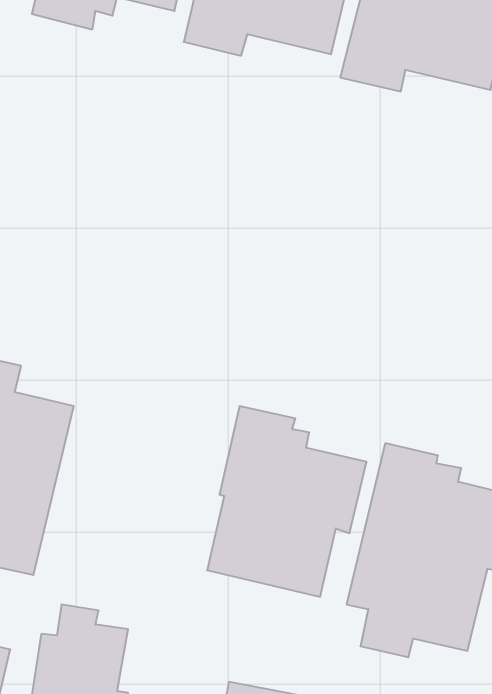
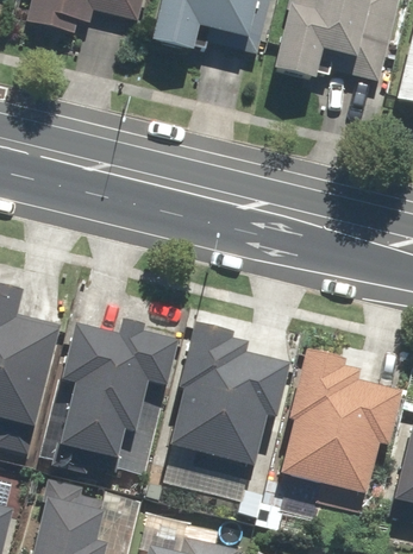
building: none -> [42,320,181,473]

